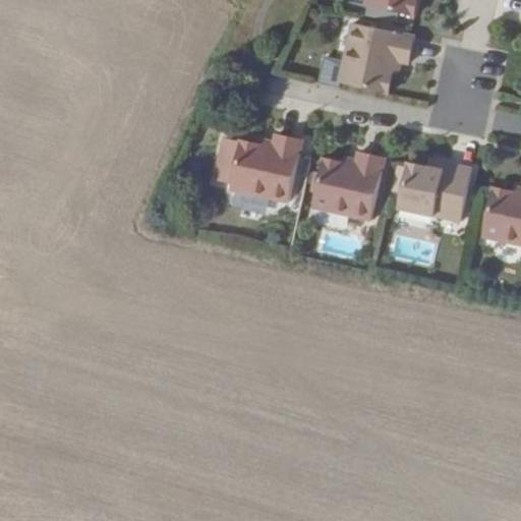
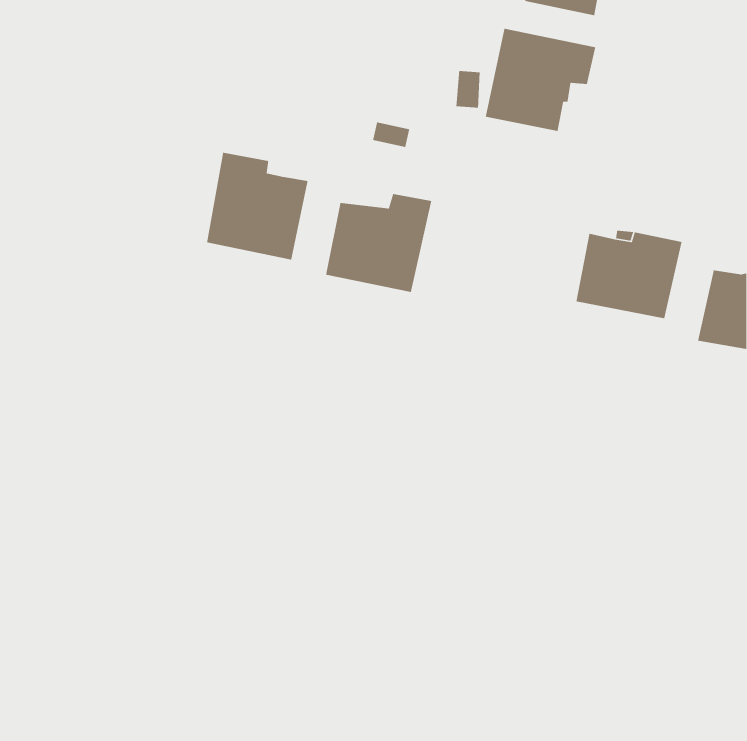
building: none -> [206,152,308,260]
building: [310,152,385,221] -> none

